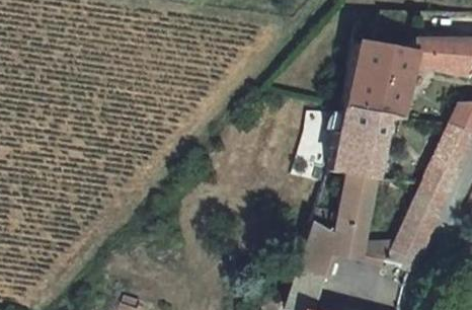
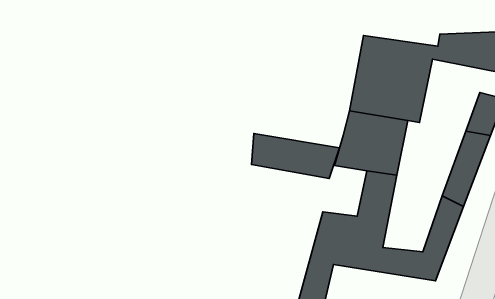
building: none -> [251,134,340,179]

